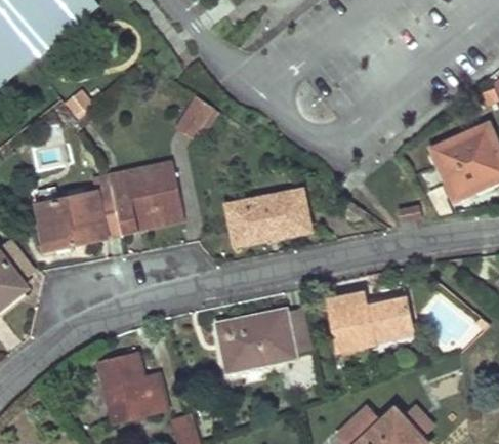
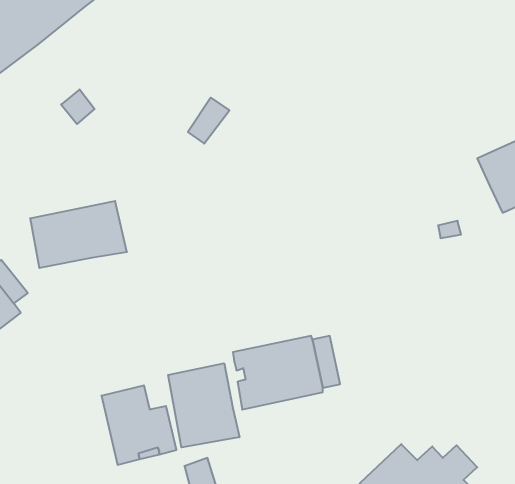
building: [109,160,181,233] -> none
building: [226,190,308,243] -> none
building: [329,292,413,348] -> none
building: none -> [168,363,239,447]

